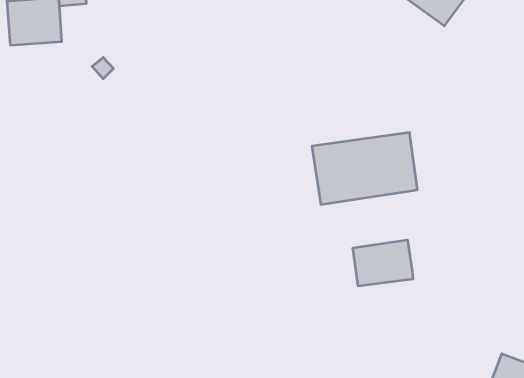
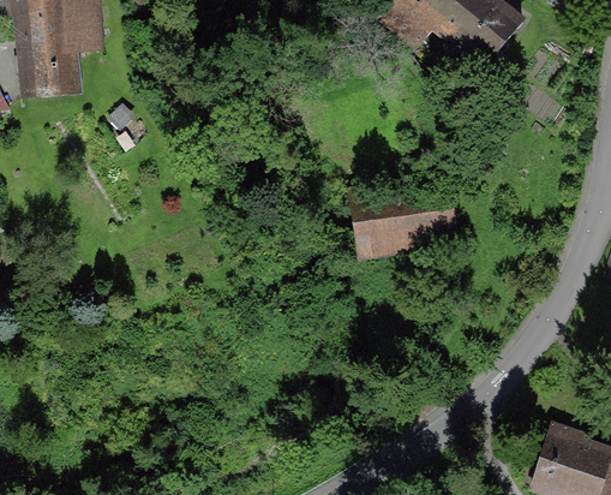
building: [353,240,413,286] -> none

